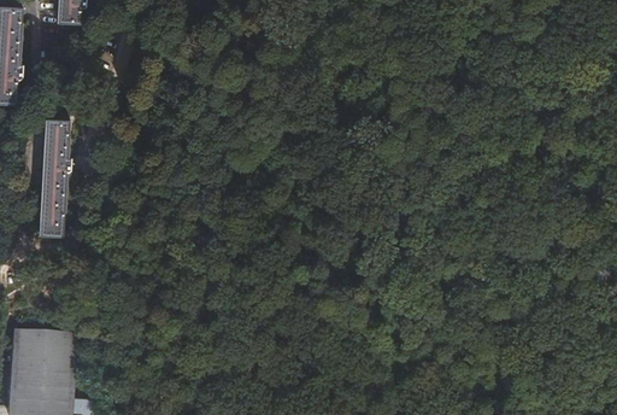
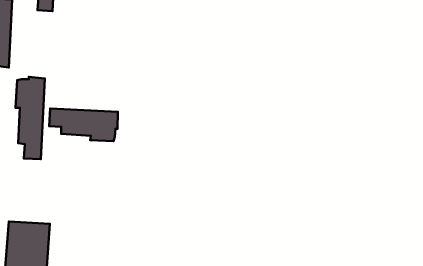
building: none -> [49,108,118,141]

